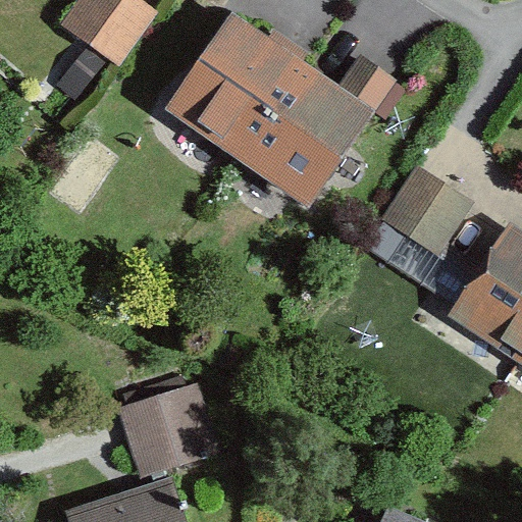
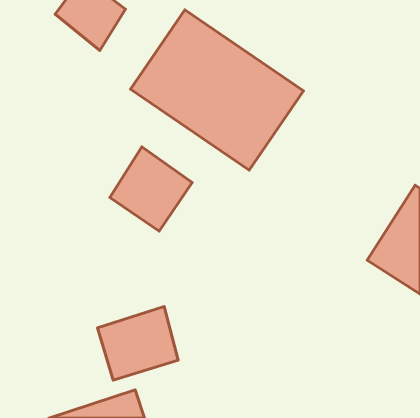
building: [384,163,470,250] -> none
building: none -> [110,147,192,231]

